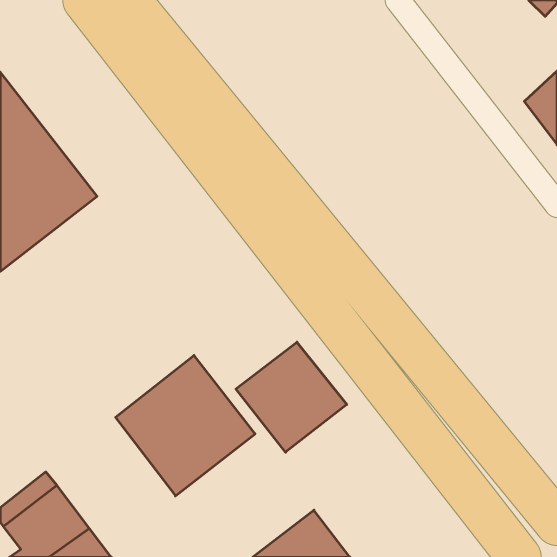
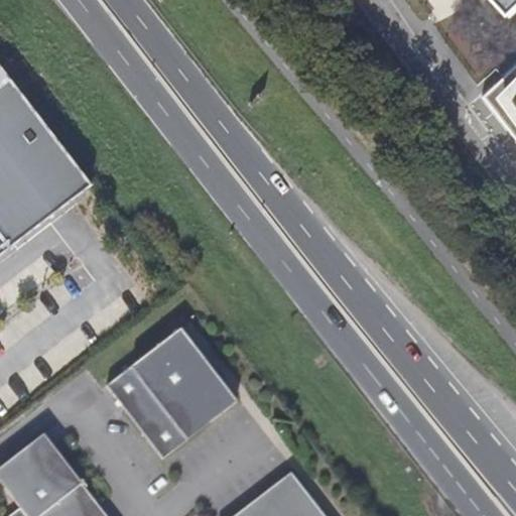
building: [236,342,347,452] -> none

